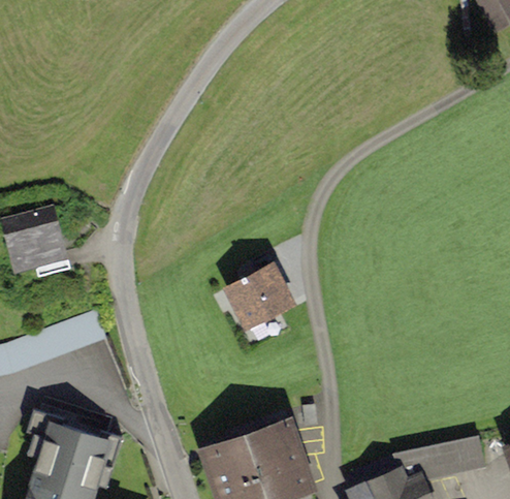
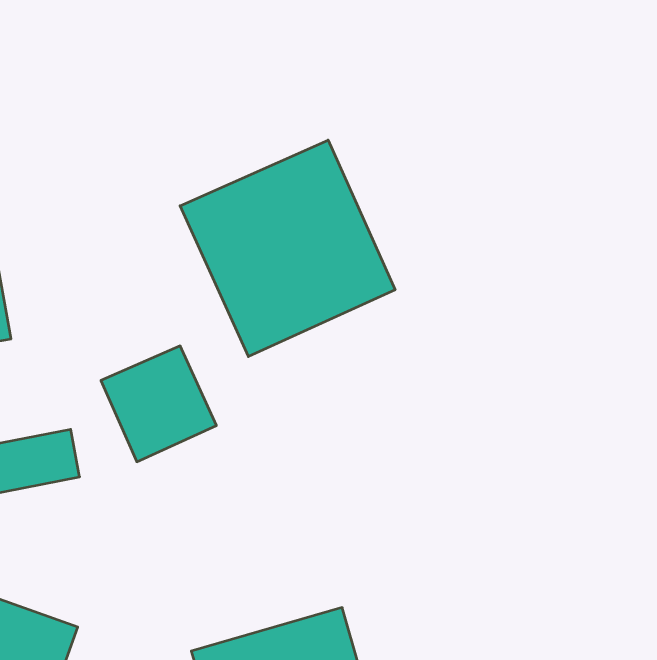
building: none -> [180,140,395,357]
building: [222,263,297,339] -> [101,346,216,462]

